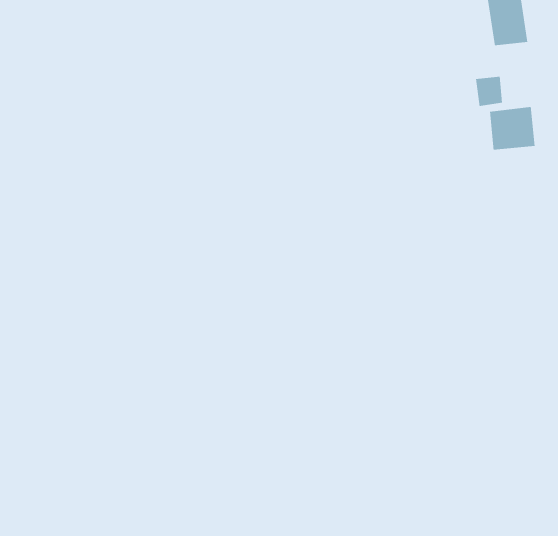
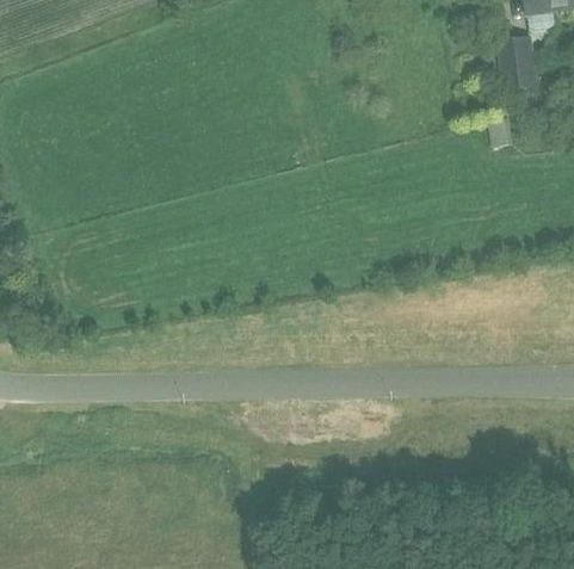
building: [489,106,535,151] -> none

